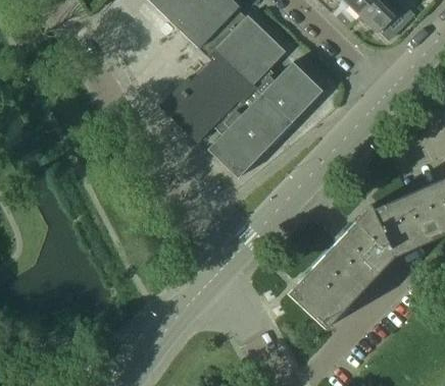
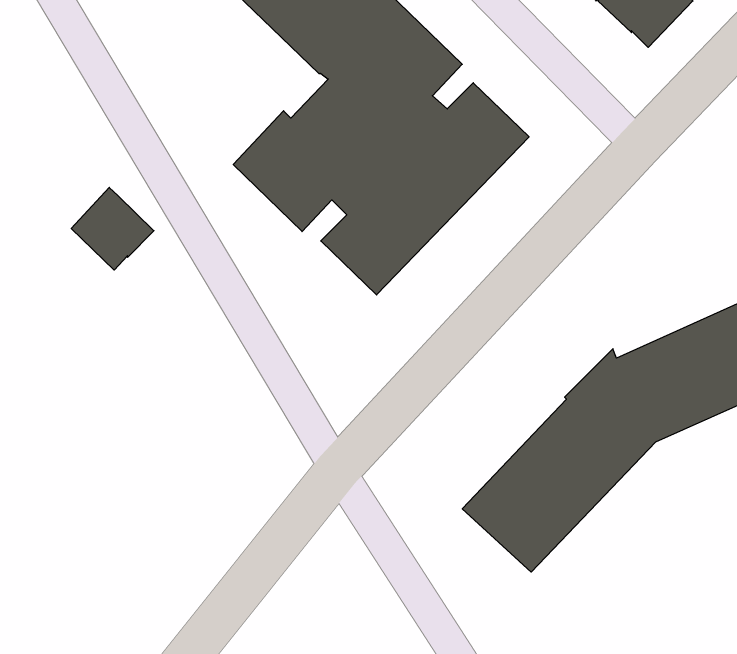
building: none -> [71,187,154,270]

